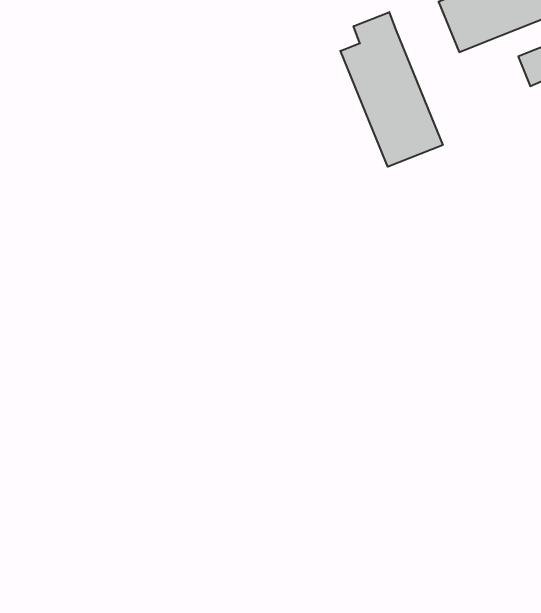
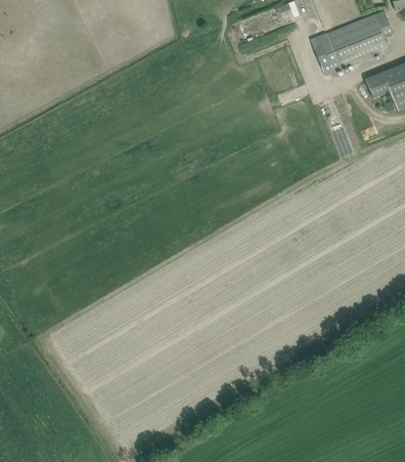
building: [340,12,443,167] -> none

